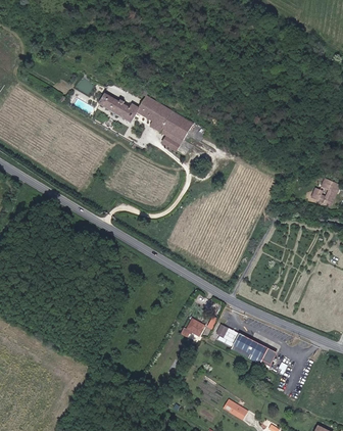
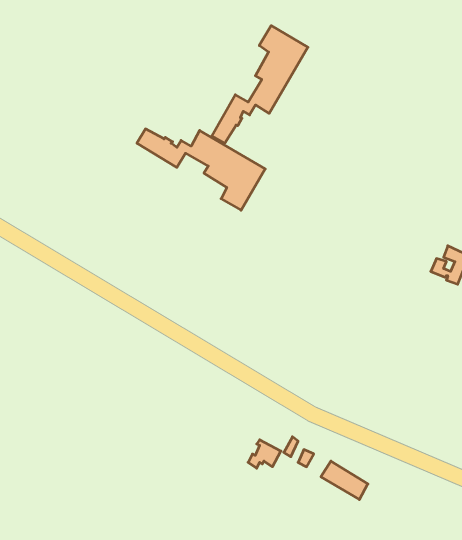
building: none -> [212,26,308,143]

